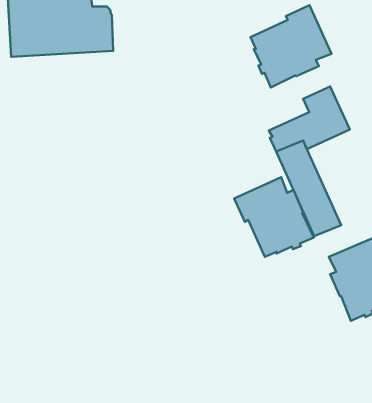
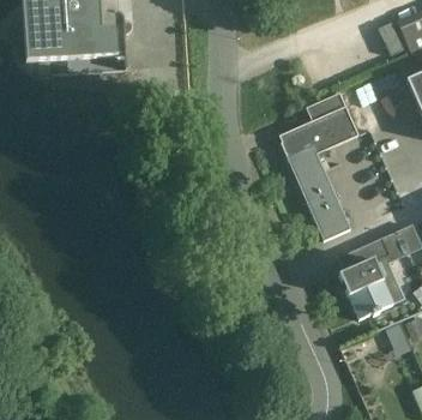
building: [250,5,332,87] -> none
building: [234,177,314,257] -> none

